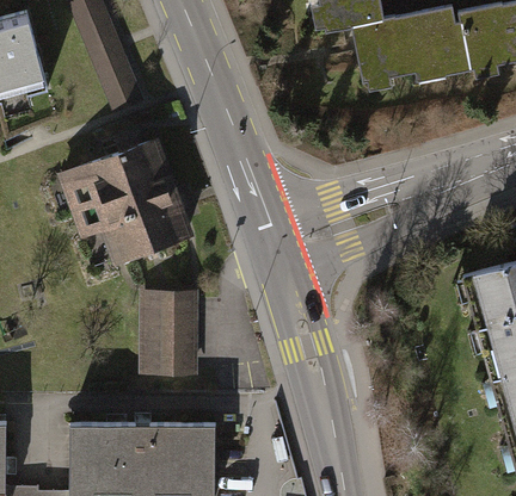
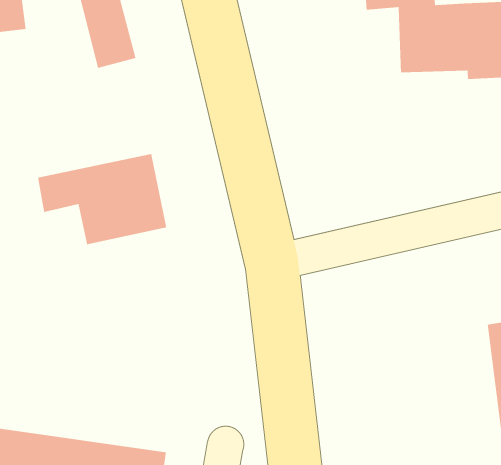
building: [62,142,167,211] -> none
building: [142,291,198,368] -> none

